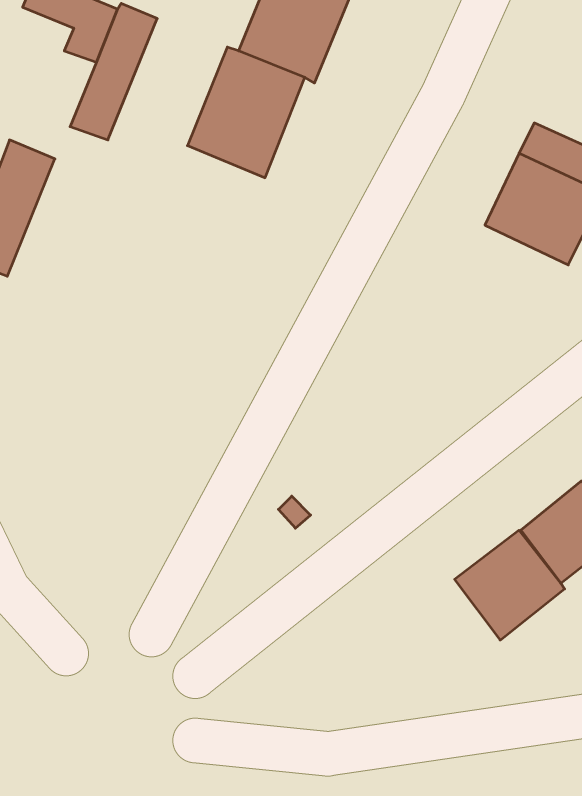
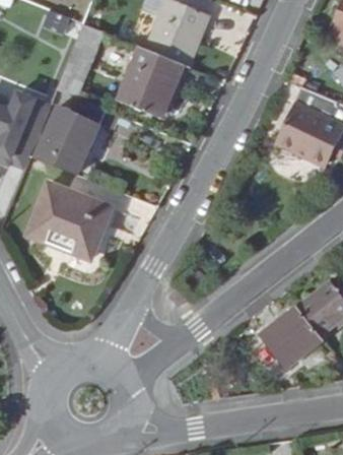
building: none -> [36,101,106,174]
building: none -> [27,182,110,258]

